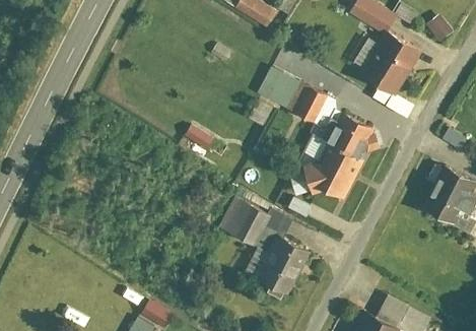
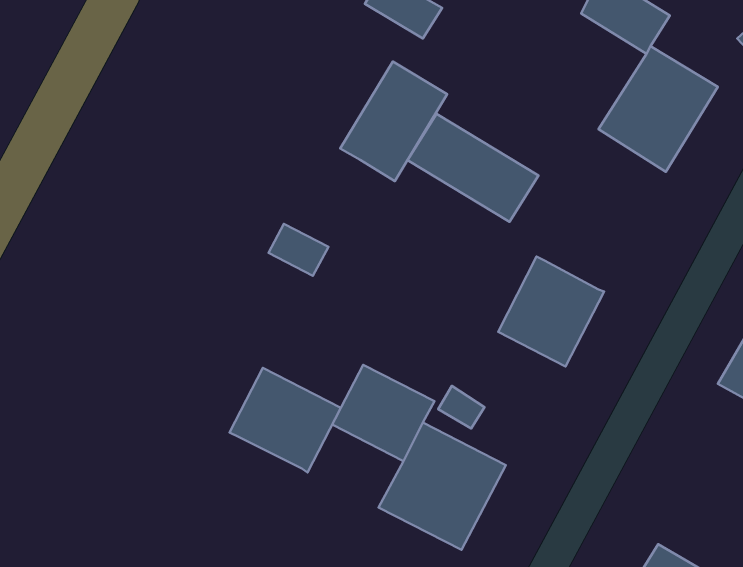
building: none -> [340,61,447,181]
building: [330,113,375,158] -> none
building: none -> [230,368,341,472]

